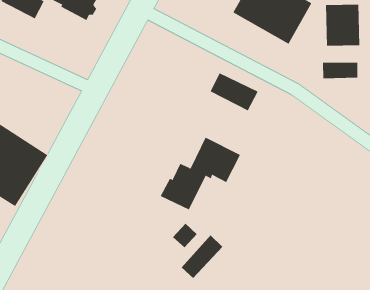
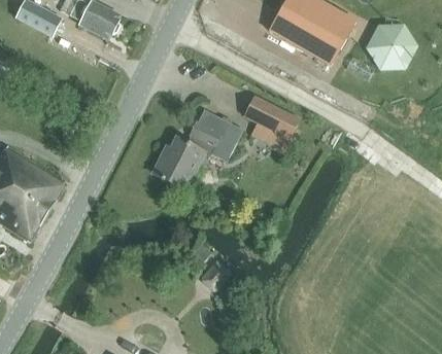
building: [322,62,358,79] -> none
building: [160,137,241,210] -> [151,109,240,189]
building: [181,235,223,279] -> none

